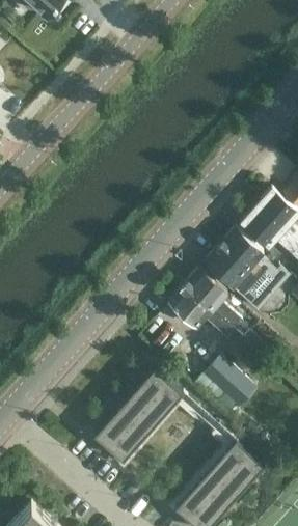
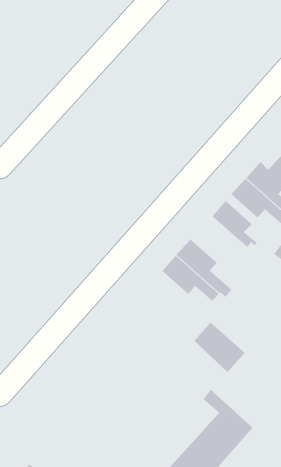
building: [207,245,275,305] -> none
building: [94,367,216,461] -> none

